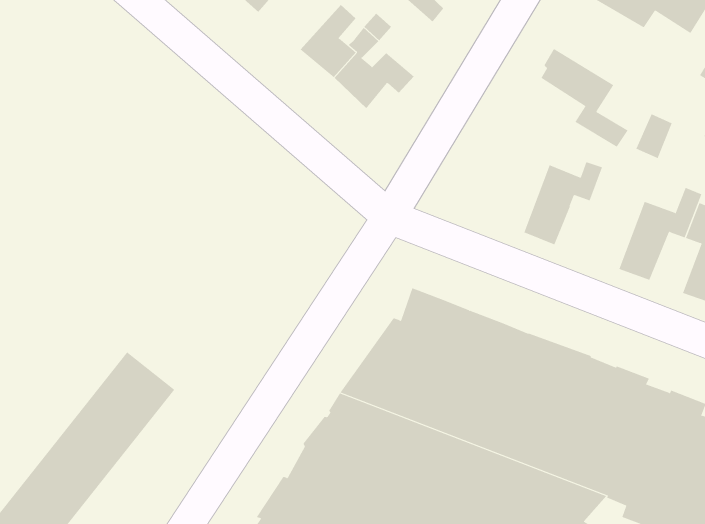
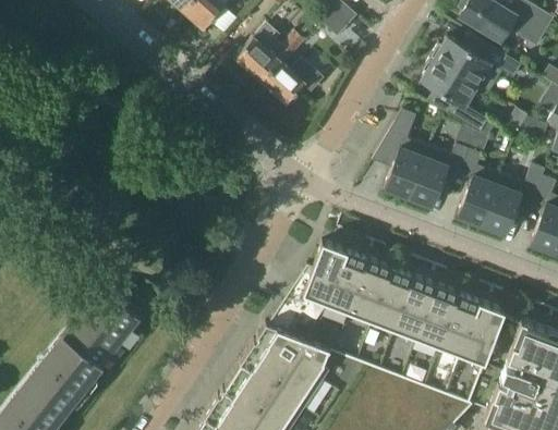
building: none -> [430,37,521,94]
building: none -> [372,110,427,199]
building: none -> [457,149,500,230]

